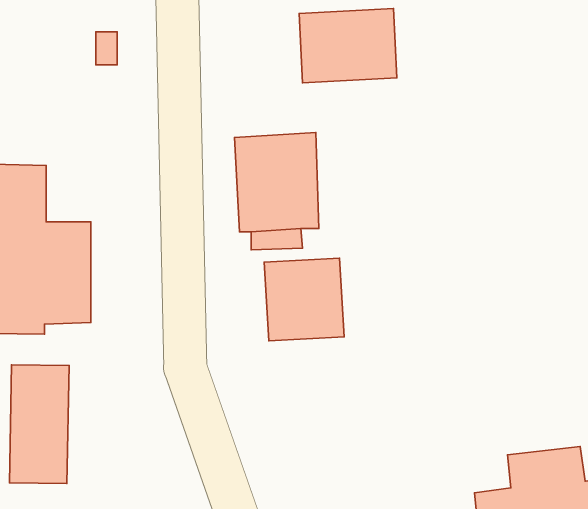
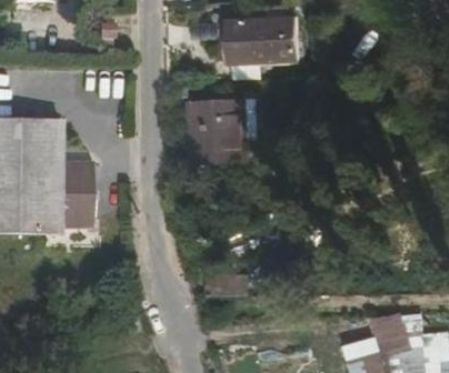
building: [264,258,344,341] -> none
building: [9,365,69,483] -> none

